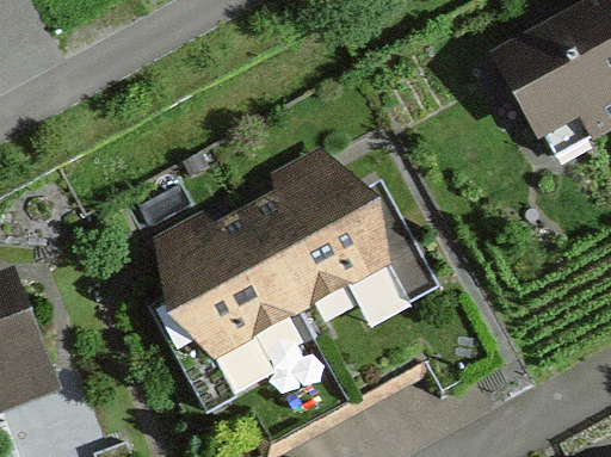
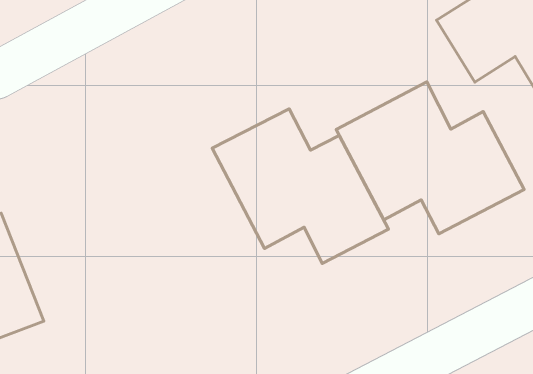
building: none -> [336,82,524,234]
building: [144,200,301,406] -> none

